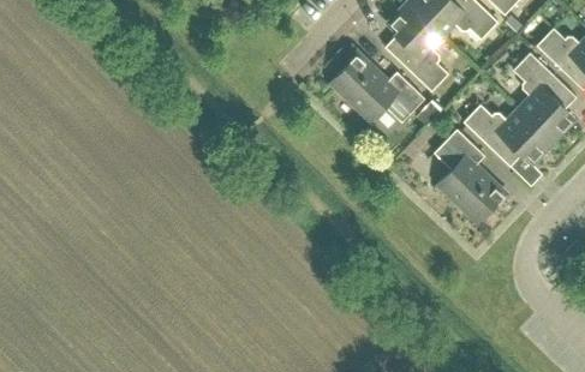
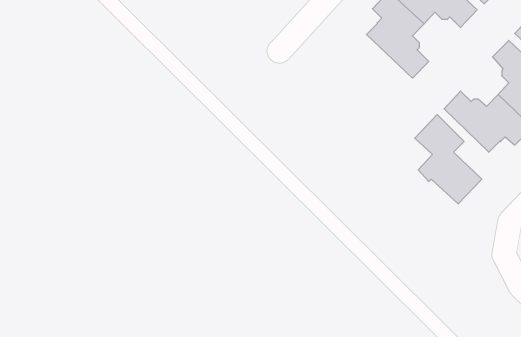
building: [333,55,424,122] -> none

